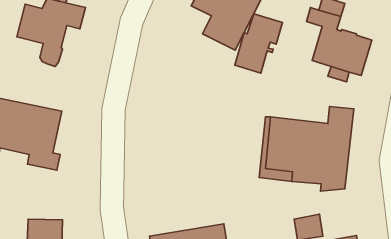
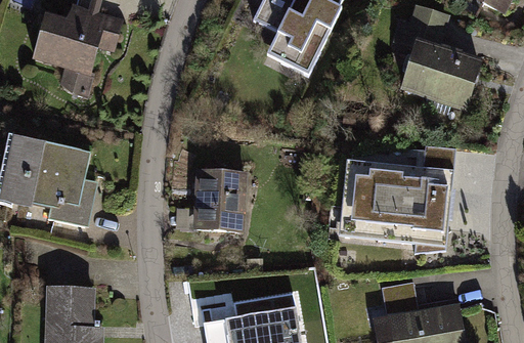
building: [235,14,283,73] -> none
building: none -> [196,171,243,229]

